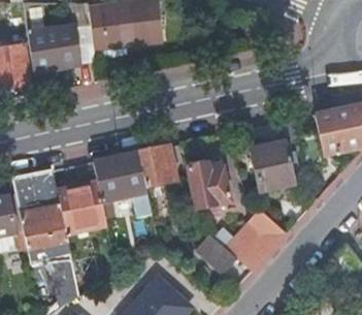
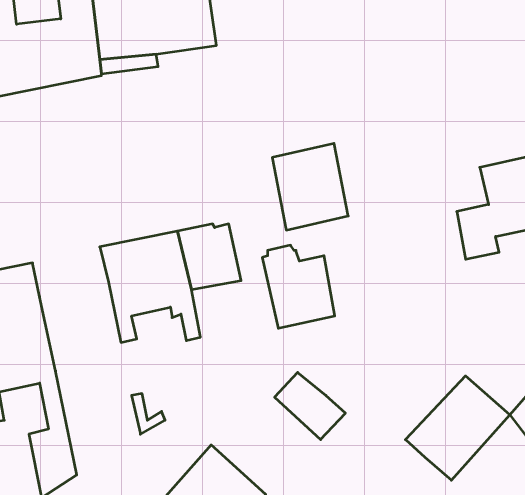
building: [251,139,295,190] -> [272,143,348,230]
building: [58,181,107,232] -> none
building: [225,210,286,271] -> [405,376,510,480]

